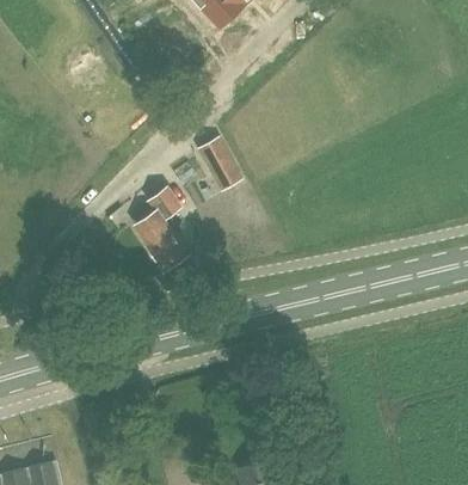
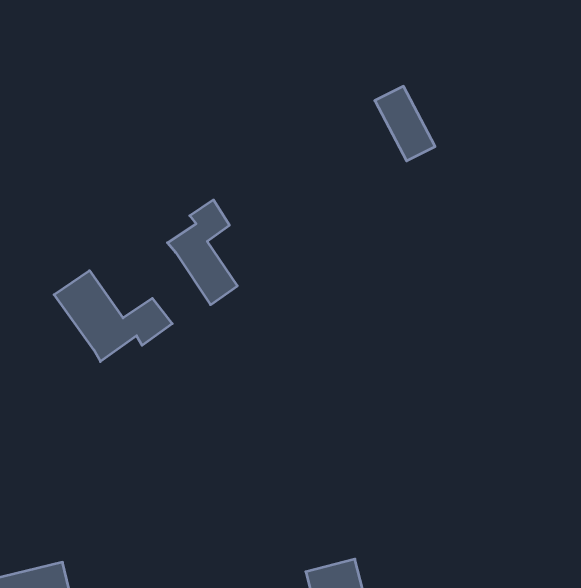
building: [196,134,241,190] -> [375,86,435,161]
building: none -> [54,271,172,362]

